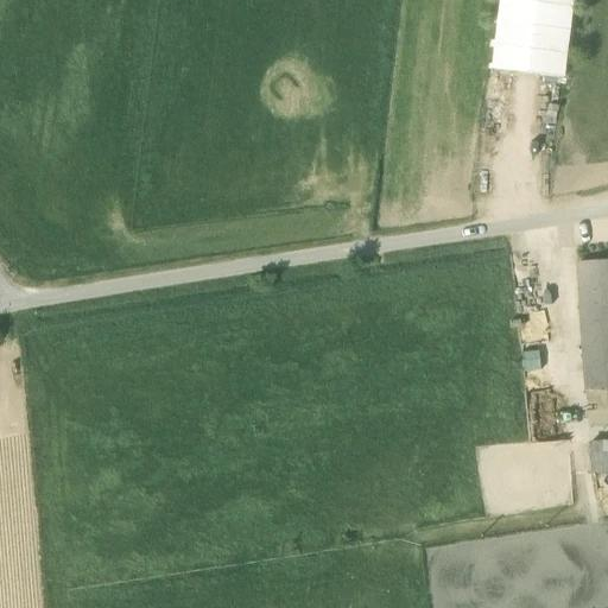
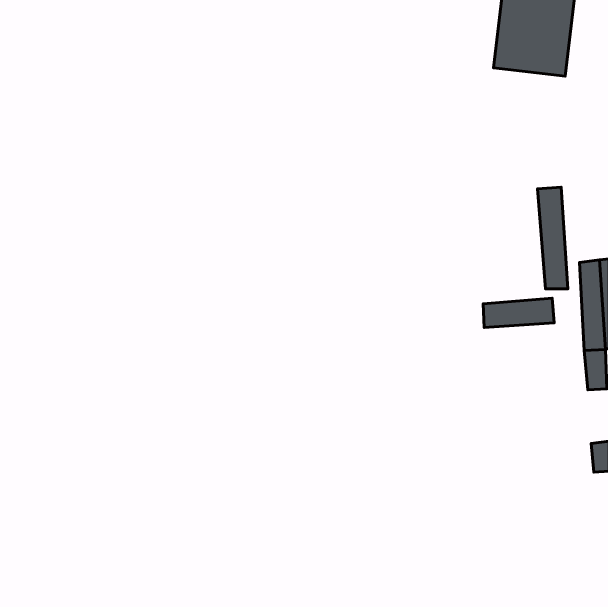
building: none -> [538,187,568,289]
building: none -> [483,298,554,327]

